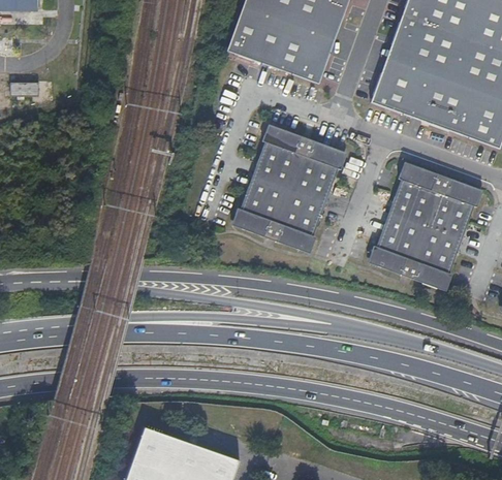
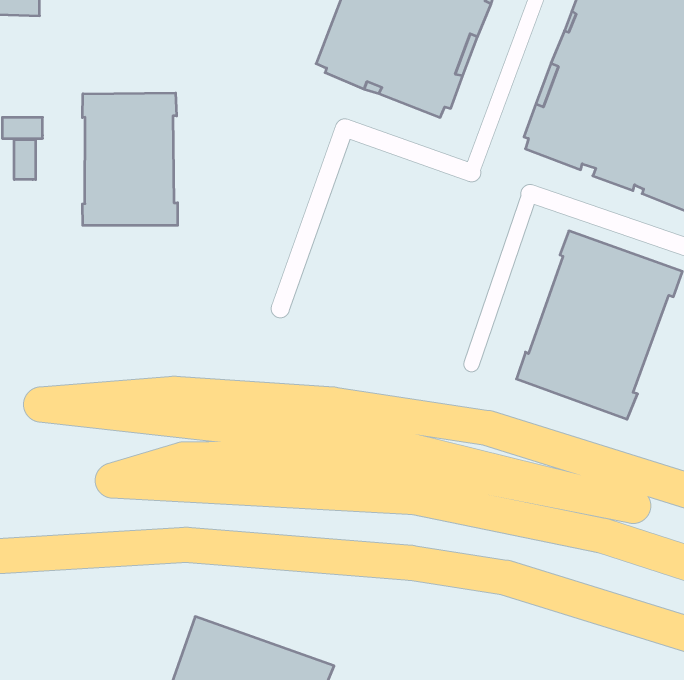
building: none -> [82,93,178,225]
building: none -> [14,140,36,180]
building: [231,124,346,252] -> none

